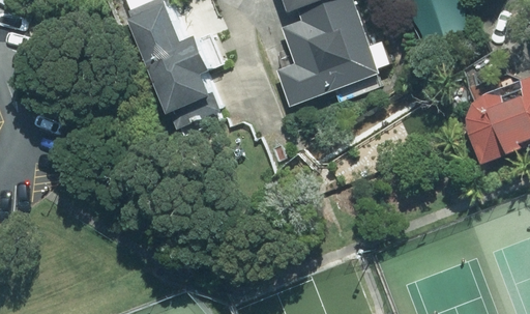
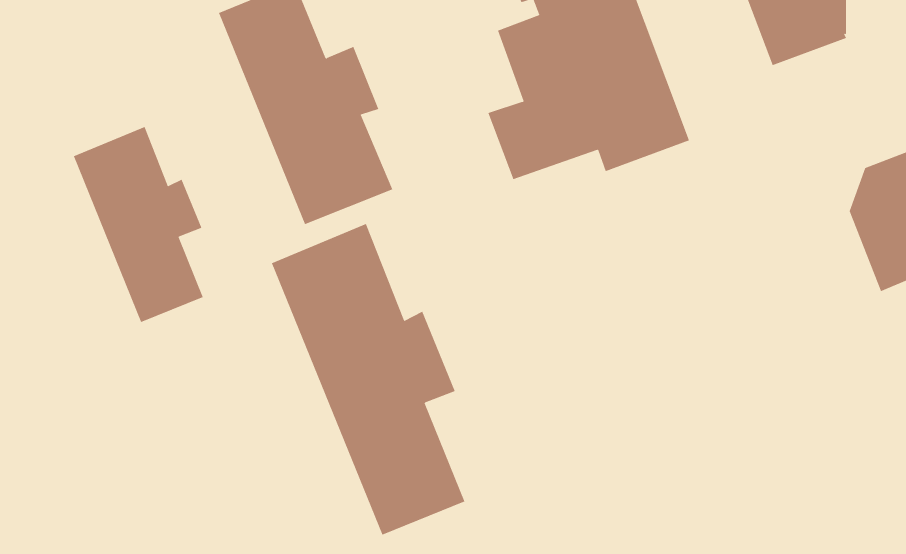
building: none -> [73,126,204,323]
building: none -> [271,223,465,535]

